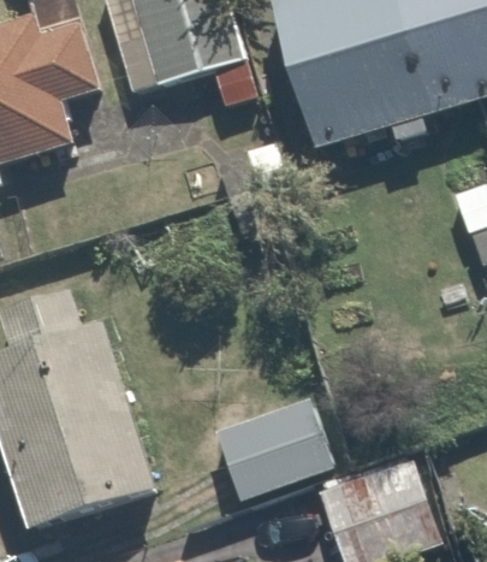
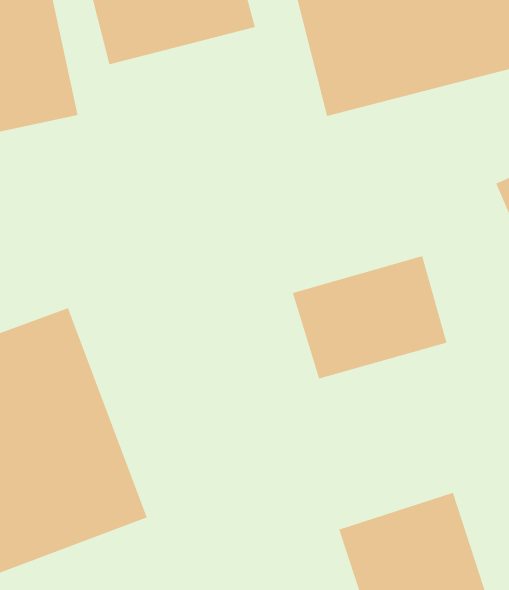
building: none -> [292,255,448,380]
building: [214,389,334,497] -> none

